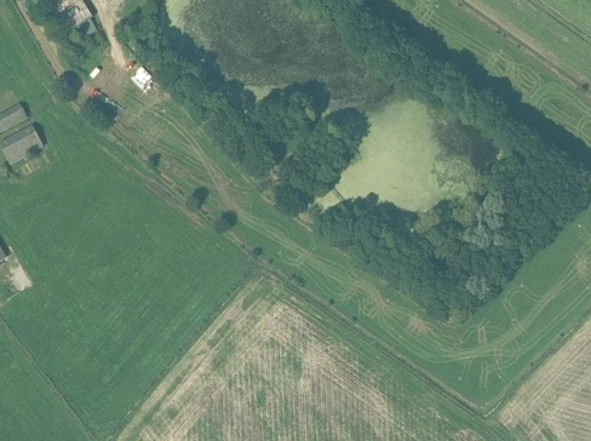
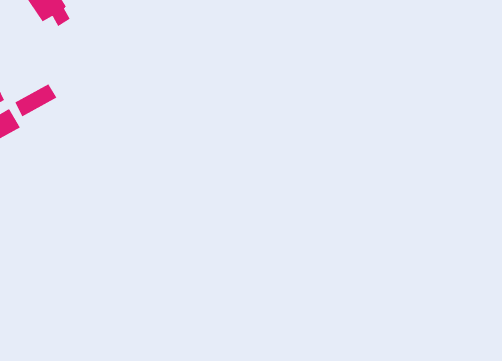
building: none -> [14,84,57,117]

